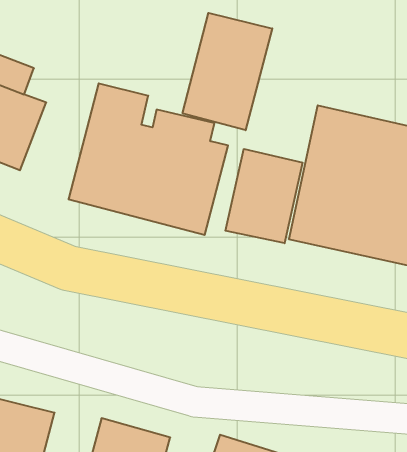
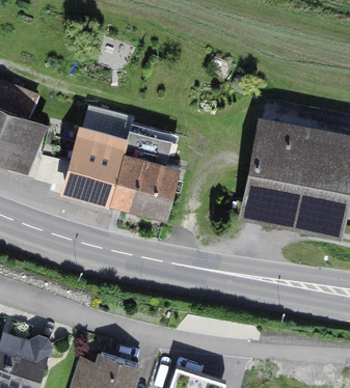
building: [183,13,272,130] -> none
building: [225,149,303,243] -> none

